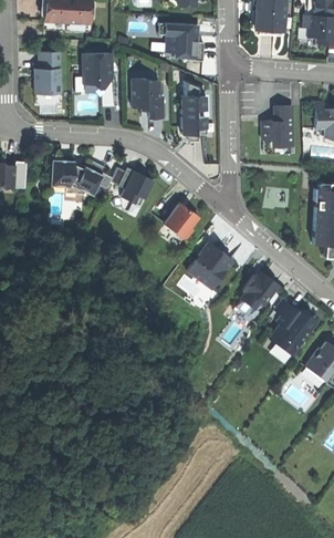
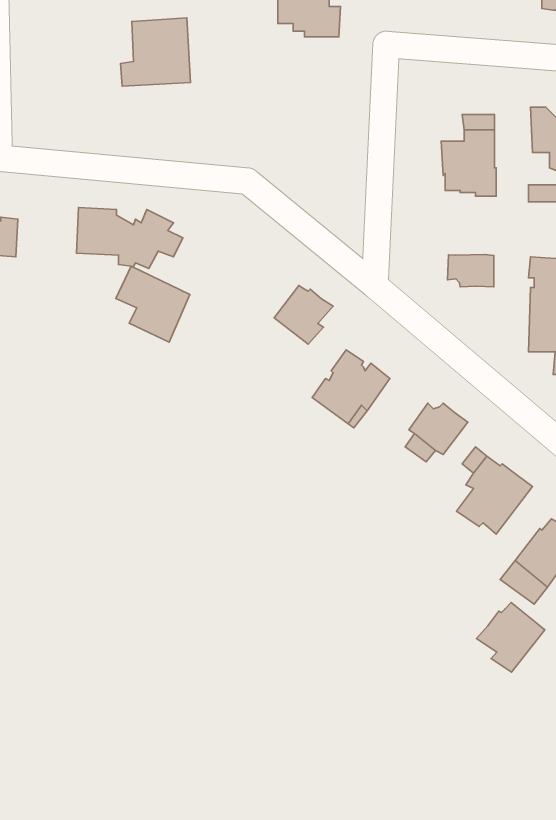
building: [34,52,60,94] -> none
building: [132,77,164,117] -> none
building: [181,81,206,137] -> none
building: [112,162,155,206] -> [116,266,190,342]
building: none -> [447,254,494,287]
building: none -> [476,603,545,672]

